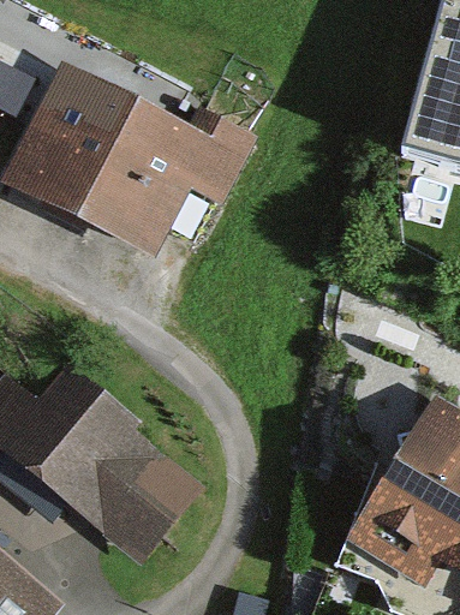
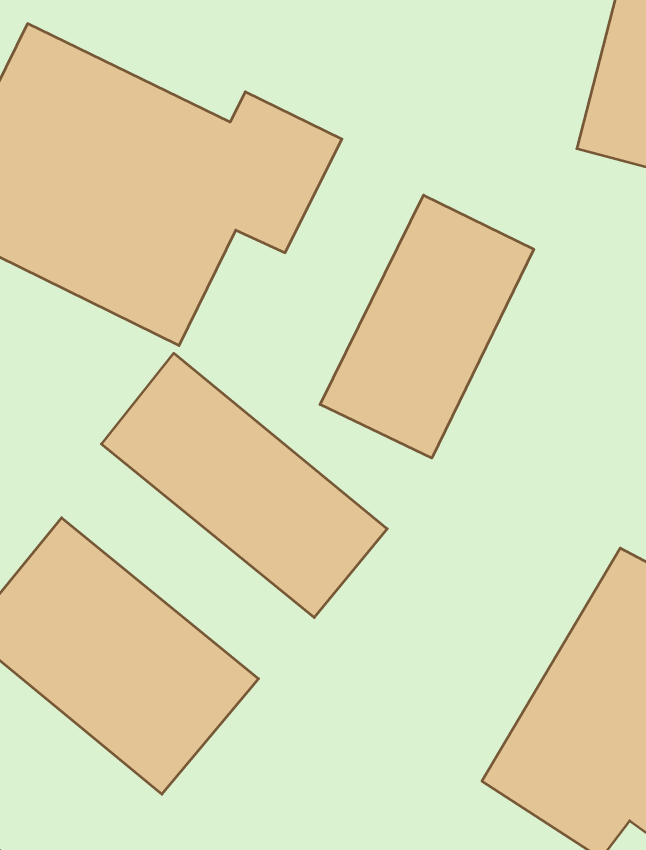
building: none -> [320,195,534,458]
building: none -> [101,353,387,618]

